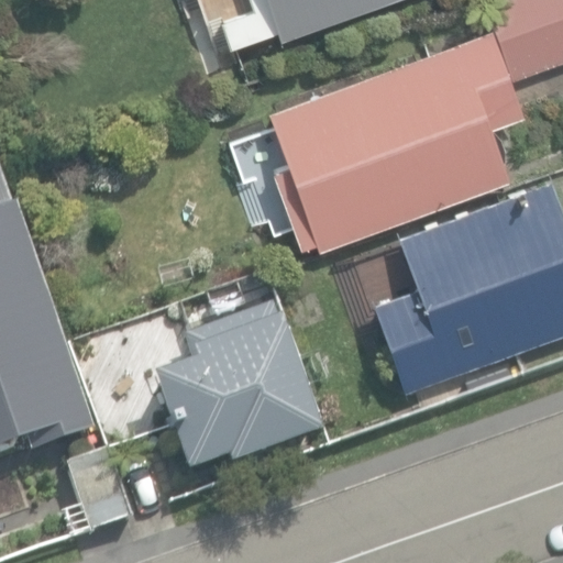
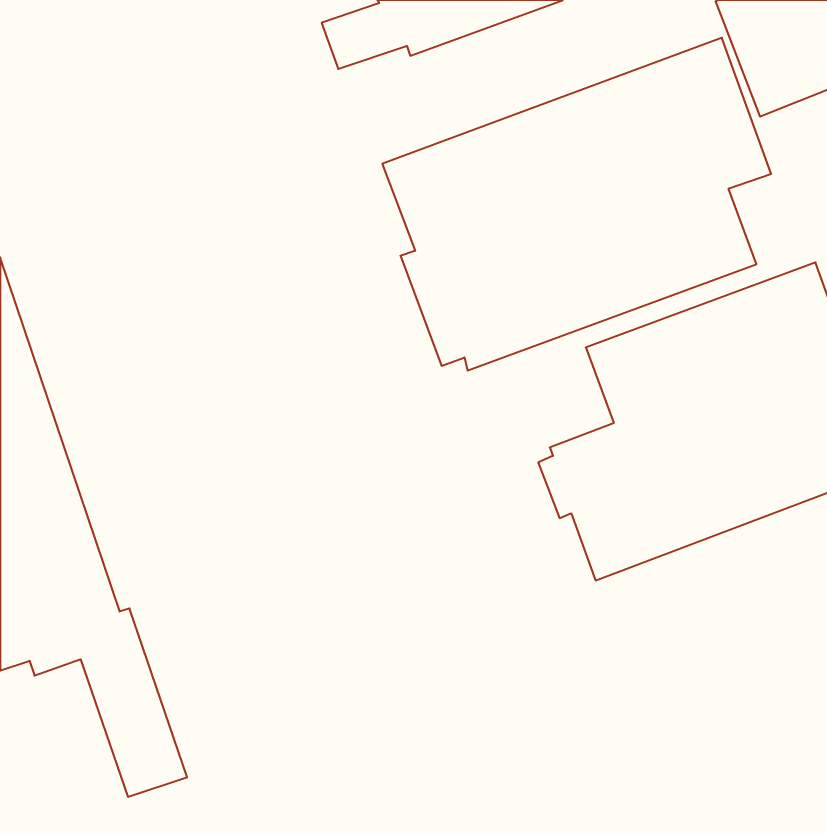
building: [157,307,325,481] -> none

